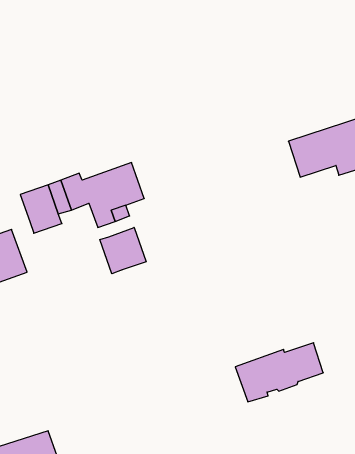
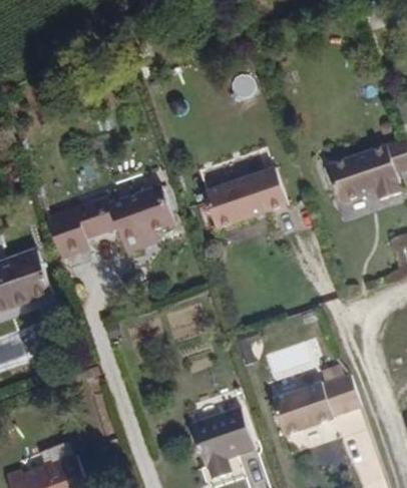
building: none -> [205,167,286,225]
building: [100,227,146,274] -> none
building: none -> [189,409,253,479]

